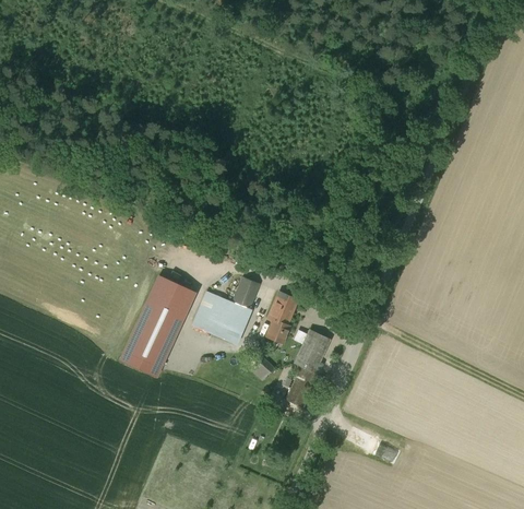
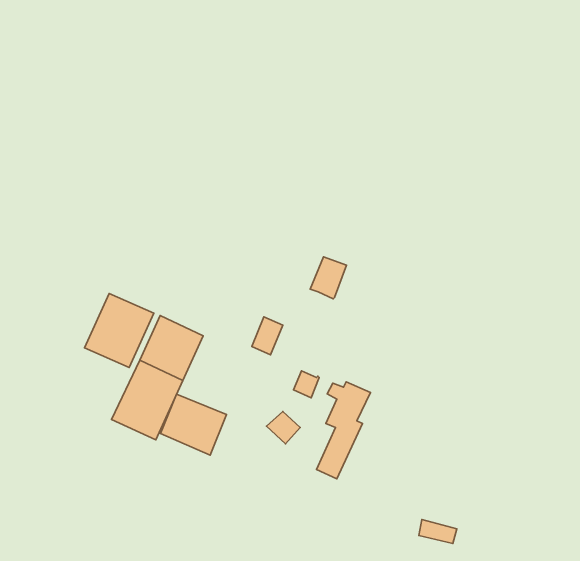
building: none -> [84,294,154,367]
building: [267,293,297,327] -> [310,257,347,299]
building: [194,294,248,343] -> [160,394,227,455]

